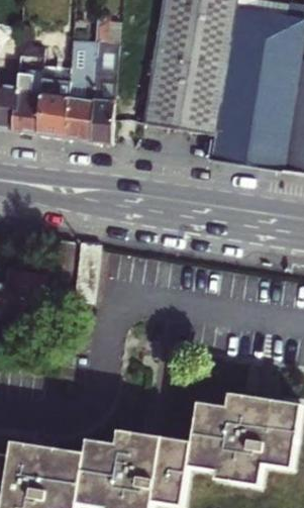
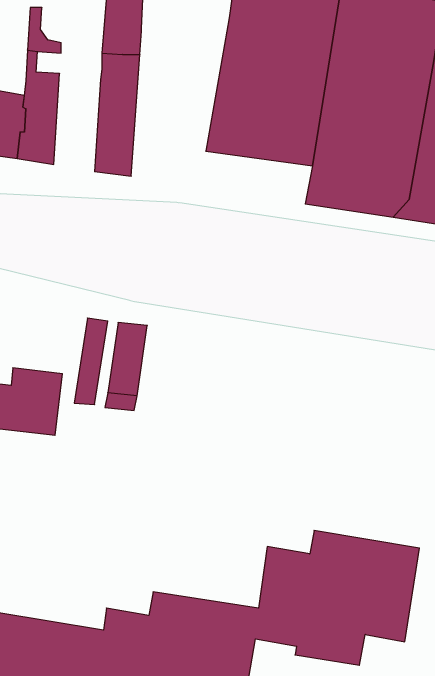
building: [93,41,119,144] -> none
building: [39,66,73,138] -> none

